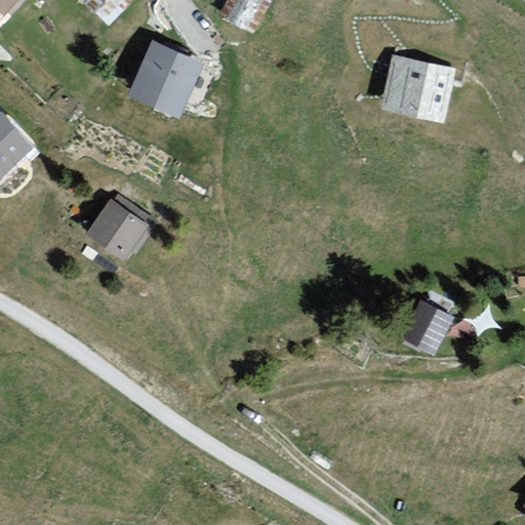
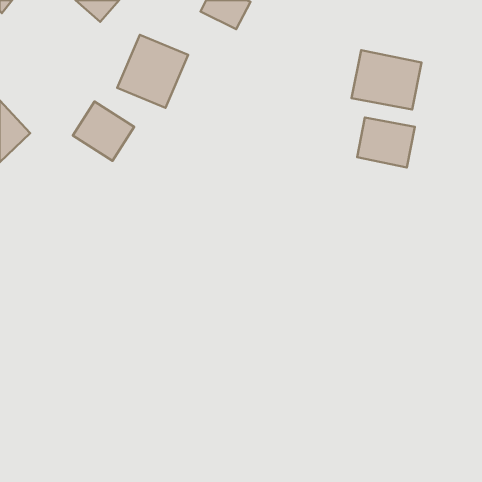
building: none -> [357,117,415,167]
building: [85,199,152,264] -> [73,101,134,161]
building: [401,299,455,353] -> none

